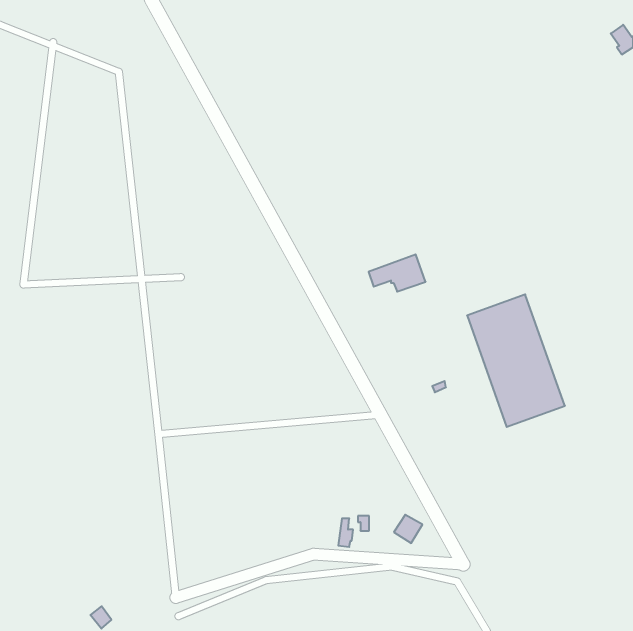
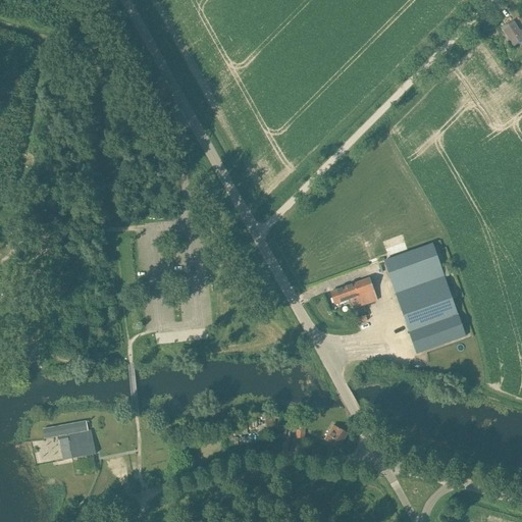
building: [369,254,426,292] -> [330,277,377,308]
building: none -> [43,420,96,460]

